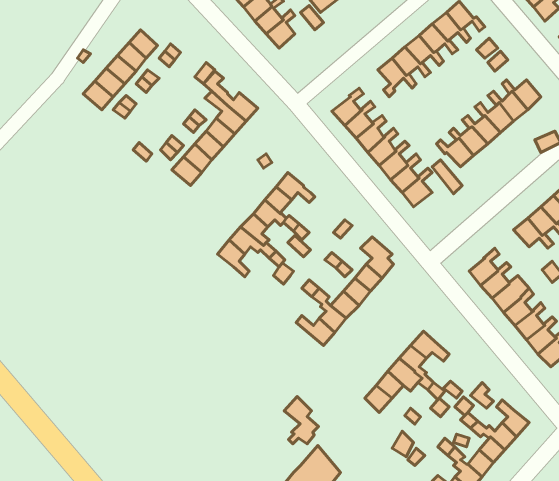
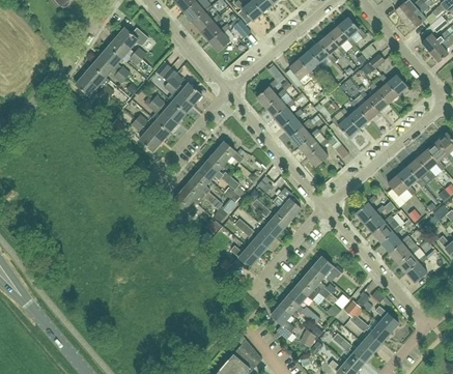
building: none -> [117,27,149,49]
building: [284,397,319,444] -> [271,305,295,339]

